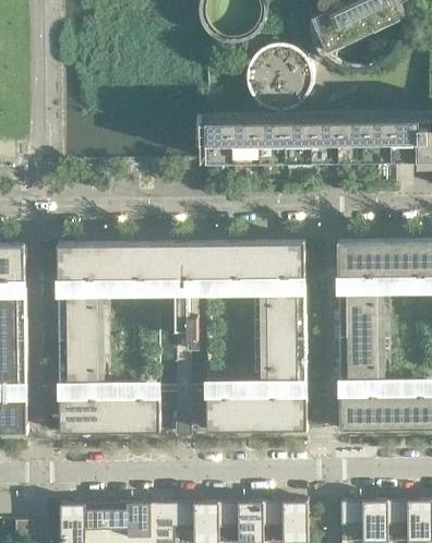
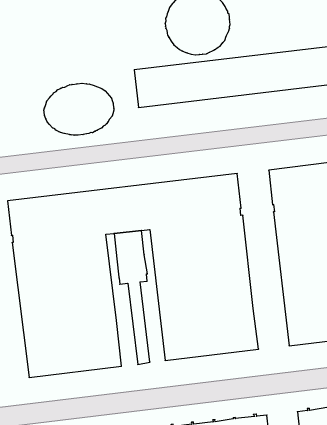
building: none -> [44,83,114,135]

